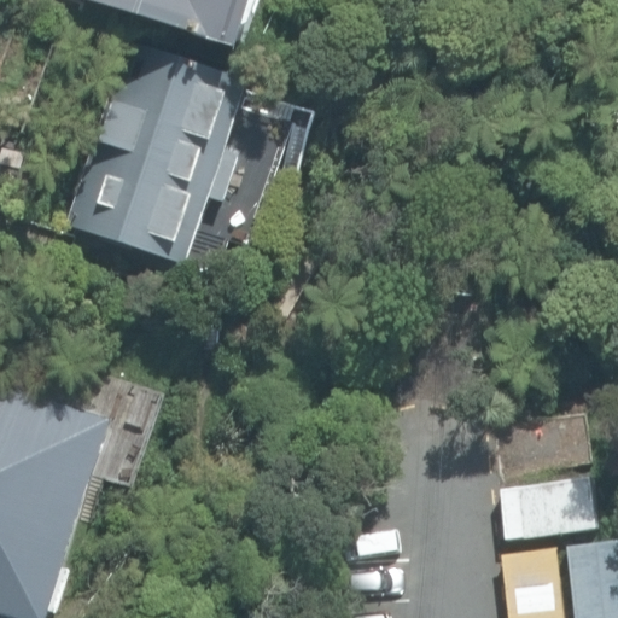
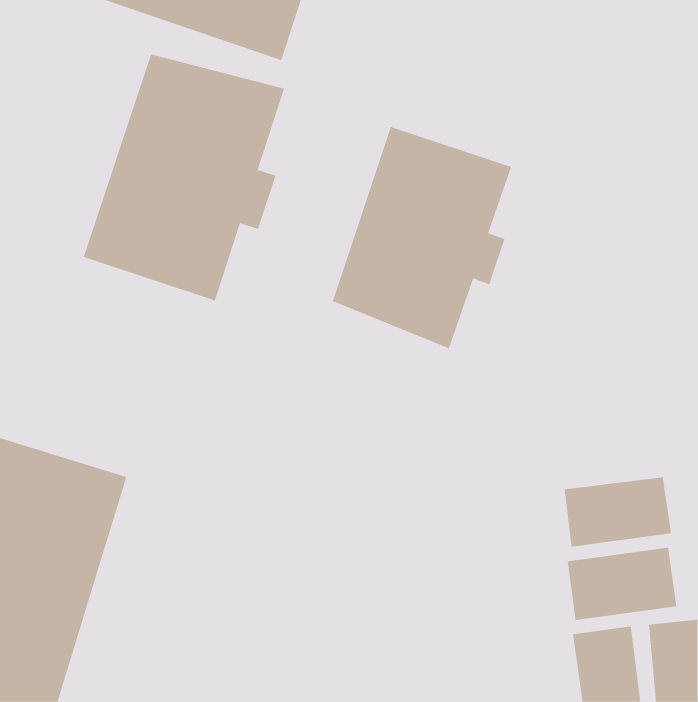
building: none -> [332,126,512,349]

